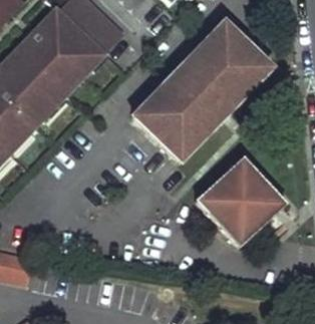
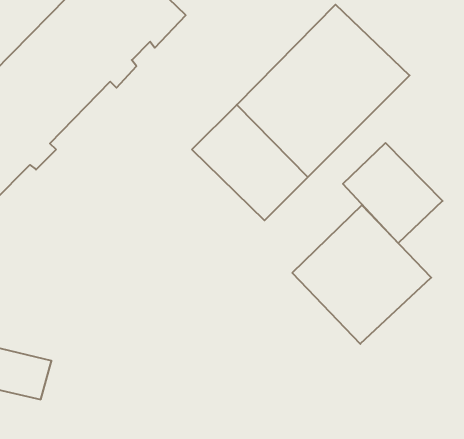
building: none -> [343,143,443,243]

